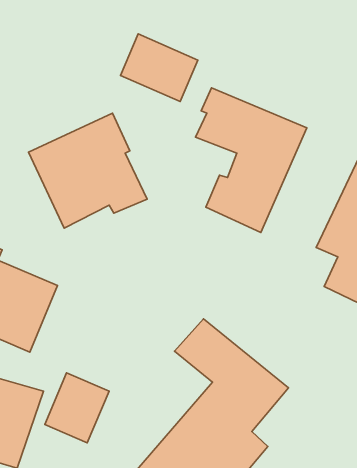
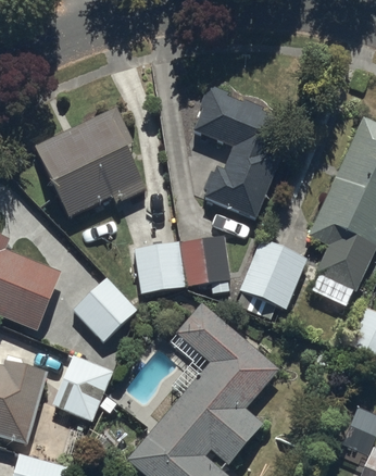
building: [120,34,198,102] -> none
building: none -> [128,236,229,293]
building: none -> [238,239,305,320]
building: none -> [72,278,136,342]

